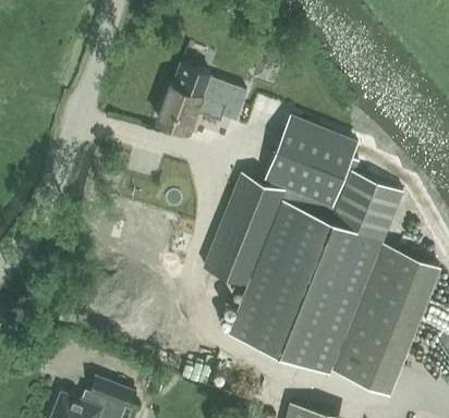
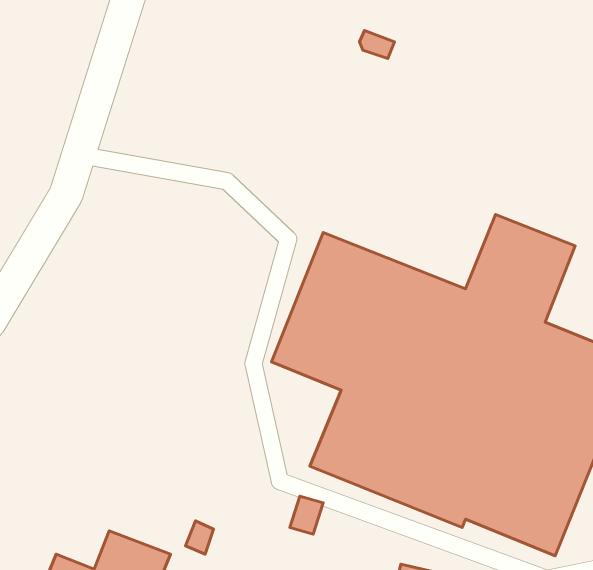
building: [157,64,245,134] -> none
building: [264,121,356,209] -> none

